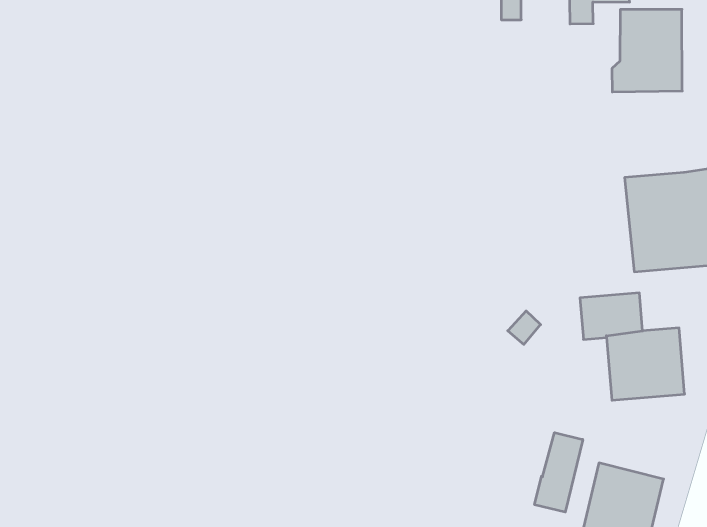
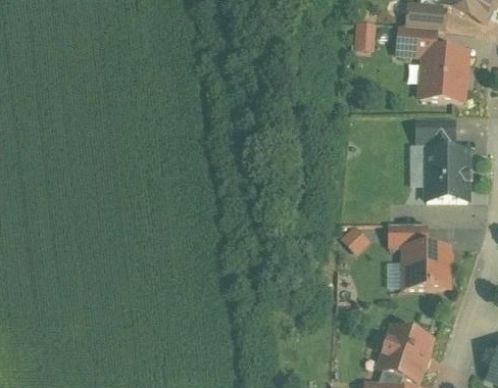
building: none -> [417,120,459,149]
building: [535,433,583,512] -> none

